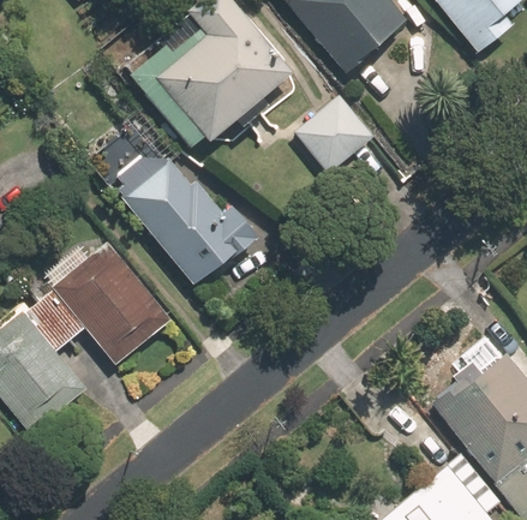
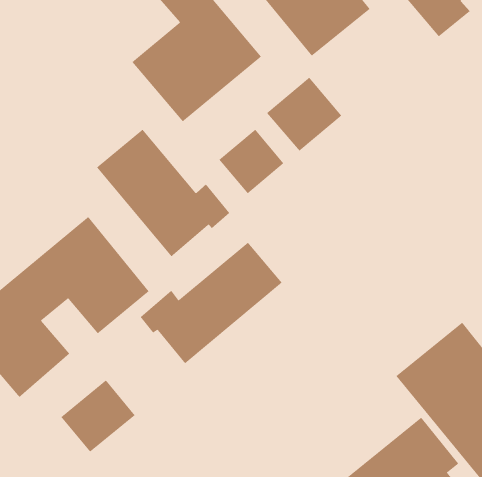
building: none -> [219,129,284,194]
building: none -> [140,242,282,364]
building: none -> [61,380,135,453]

